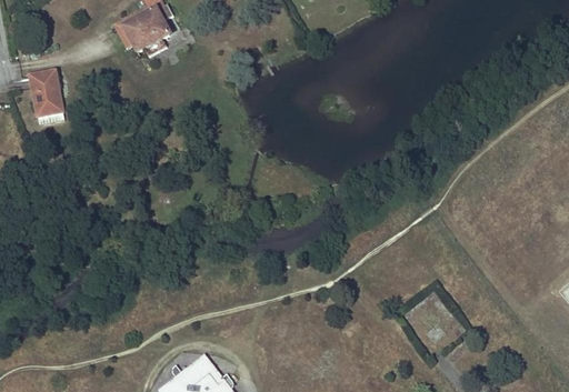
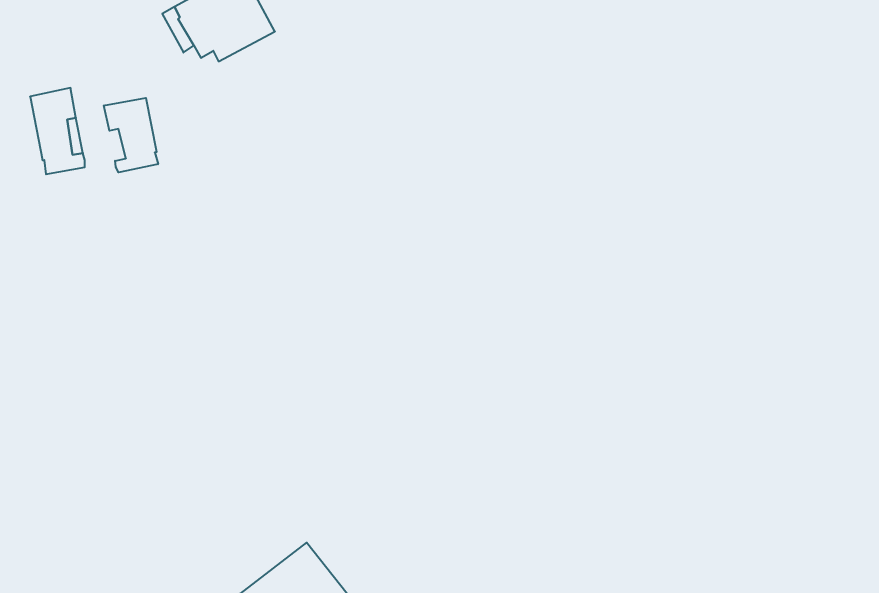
building: none -> [104,98,158,172]

